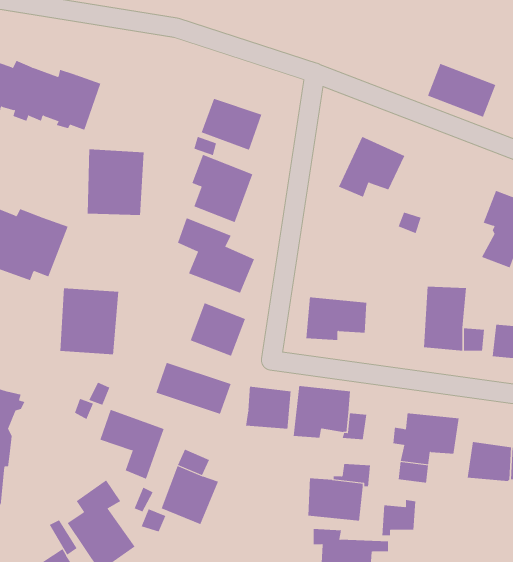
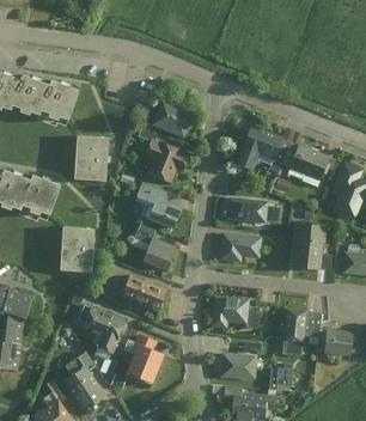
building: [427,63,496,117] -> [286,142,331,178]
building: none -> [222,195,264,221]
building: [245,386,291,430] -> none

